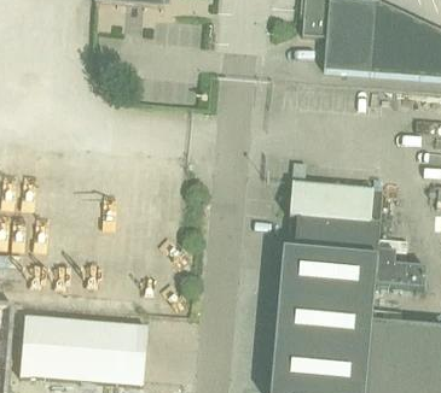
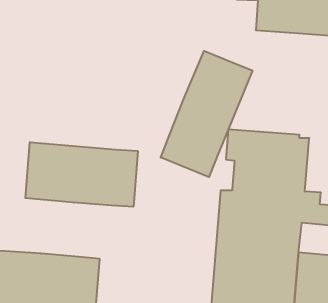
building: none -> [161,51,252,177]
building: none -> [25,142,138,207]

